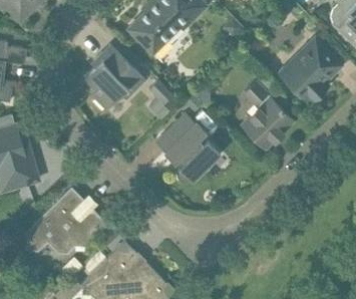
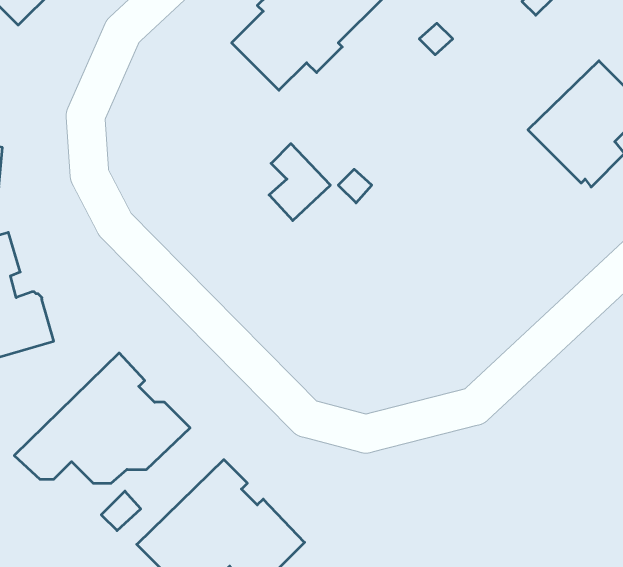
building: [84,44,144,109] -> none
building: [242,81,293,148] -> none
building: [155,113,218,183] -> none

